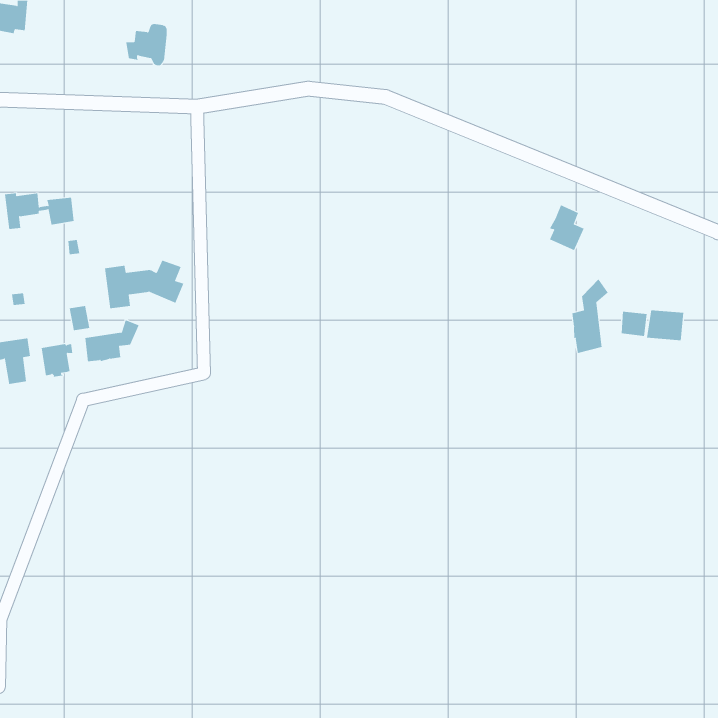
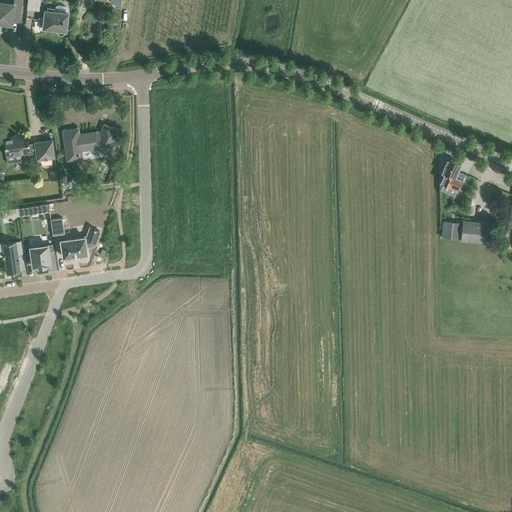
building: [125,23,168,66] -> [37,6,67,36]
building: [549,204,584,251] -> [439,158,464,191]
building: [104,260,184,309] -> [62,126,119,161]
building: [572,279,608,354] -> none

